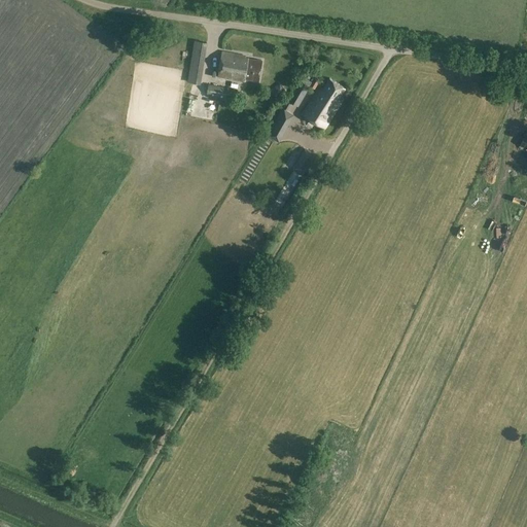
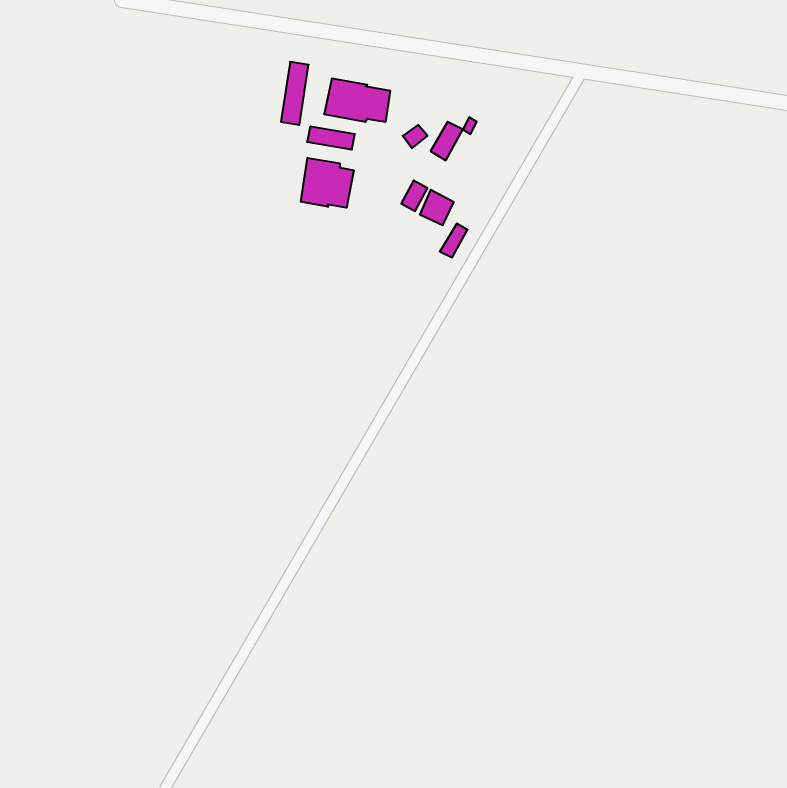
building: [302,78,344,128] -> none
building: none -> [301,158,354,208]

